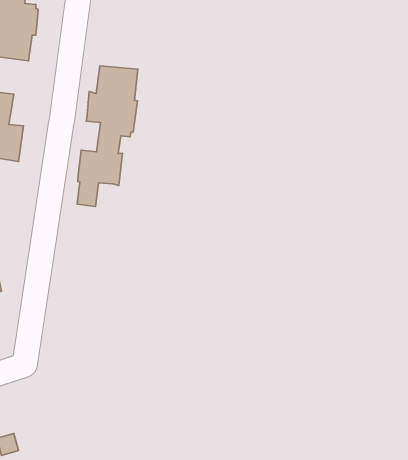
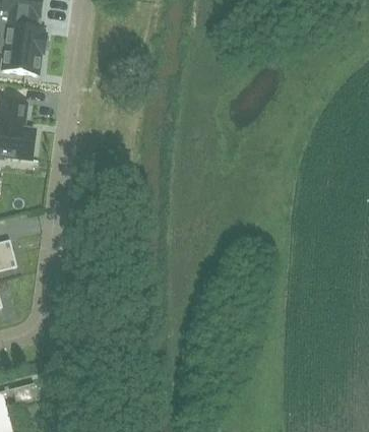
building: [77,66,138,206] -> none

